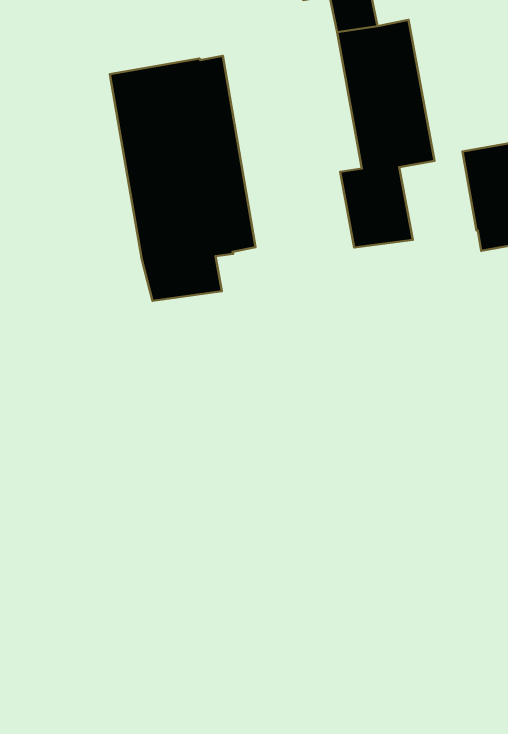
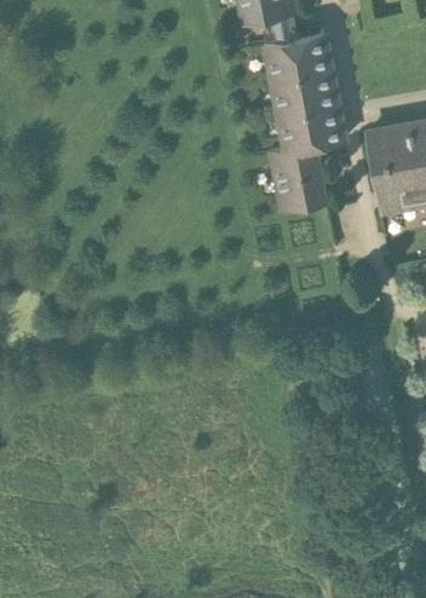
building: [110,56,255,301] -> none

